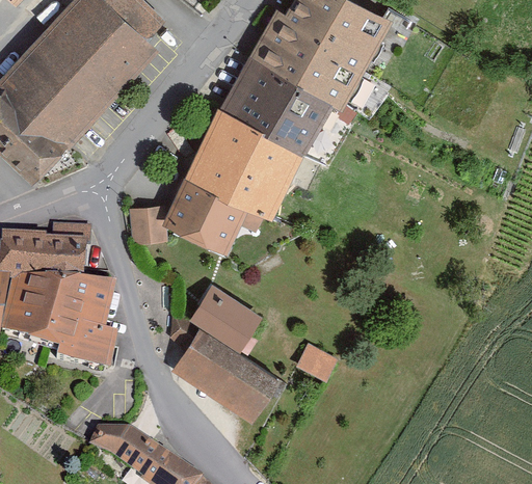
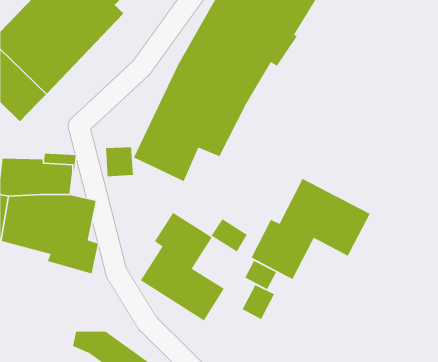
building: none -> [251,178,371,280]
building: none -> [211,218,248,253]
building: none -> [242,284,275,320]

